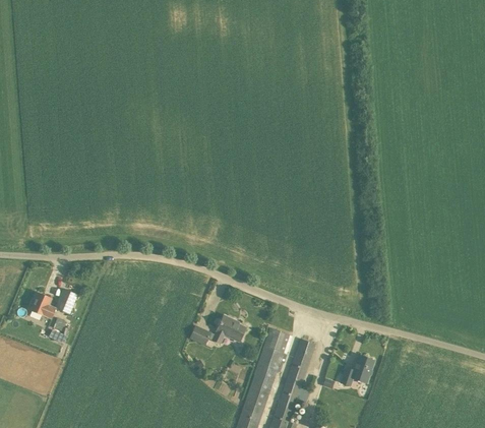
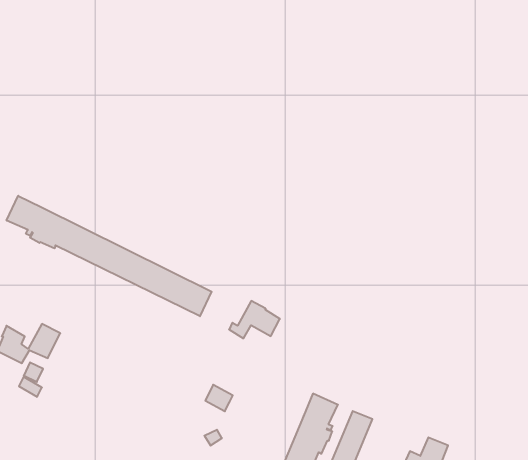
building: none -> [7,196,212,316]
building: [208,315,246,344] -> [229,301,280,338]

